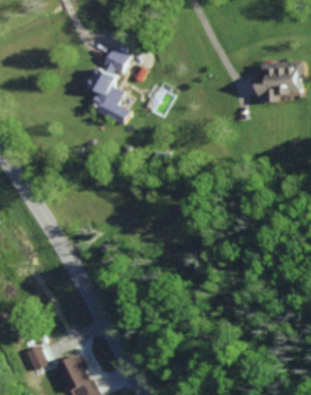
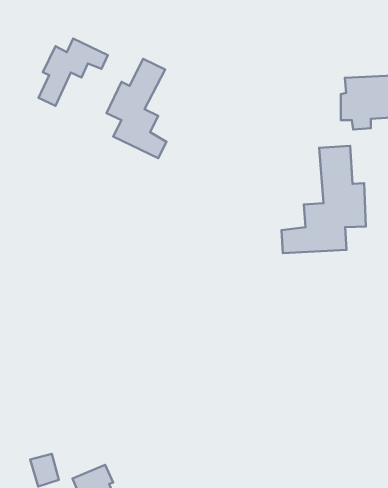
building: none -> [38,38,108,106]
building: none -> [282,146,366,253]

